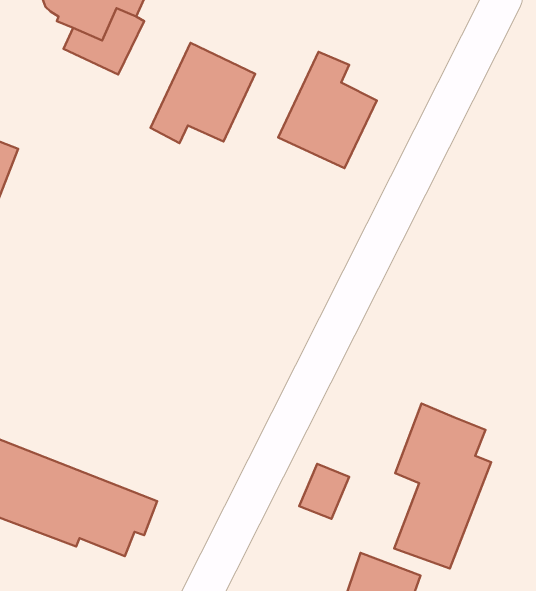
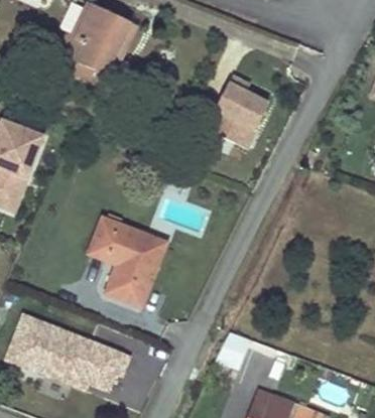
building: [150,43,255,143] -> none
building: none -> [89,217,165,304]
building: [394,404,491,568] -> none

